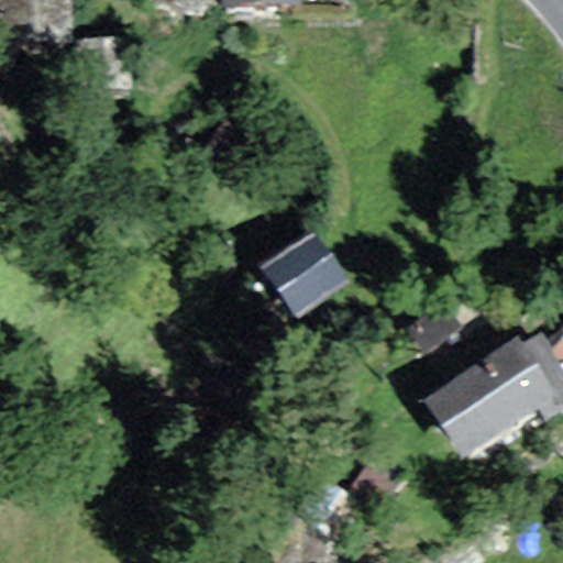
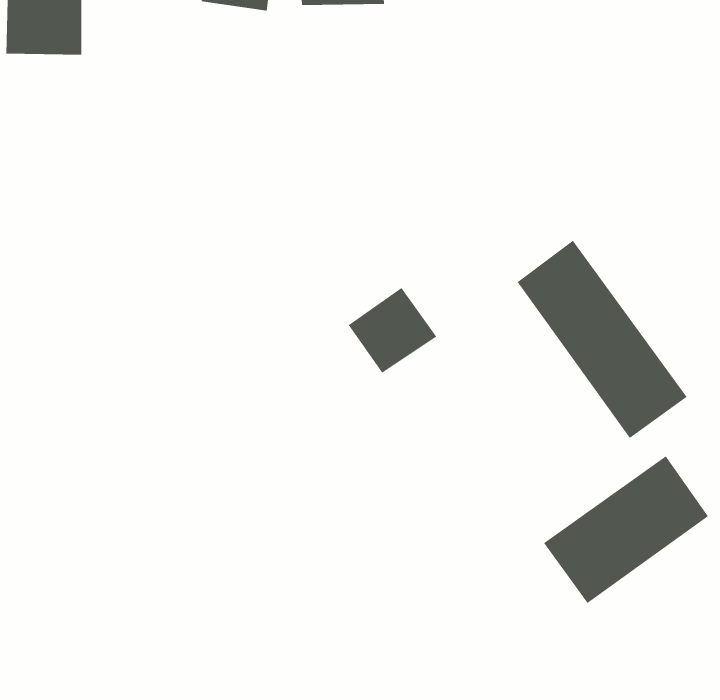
building: none -> [517,240,687,439]

